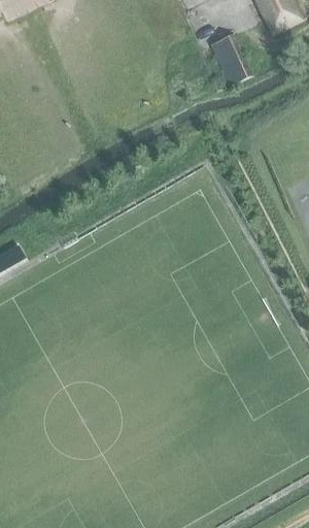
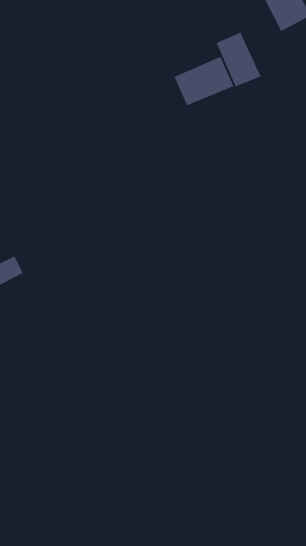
building: none -> [174,56,234,106]

